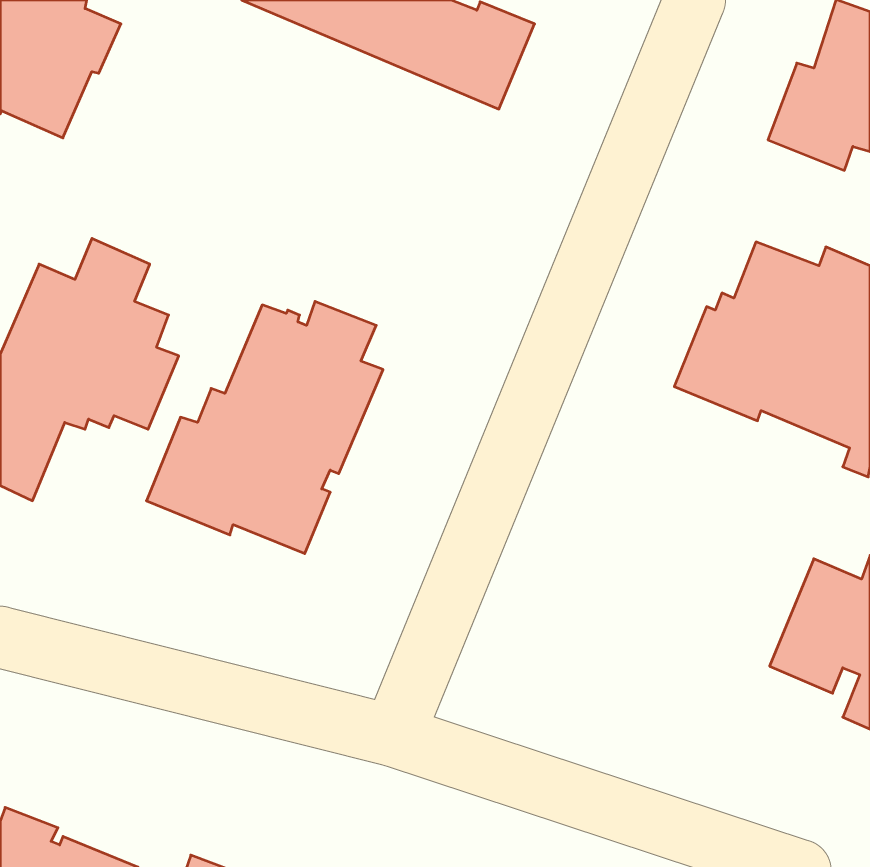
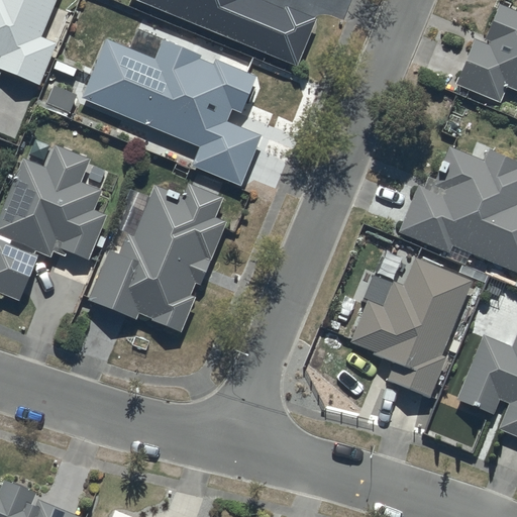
building: none -> [82,38,261,184]
building: none -> [349,256,471,395]

